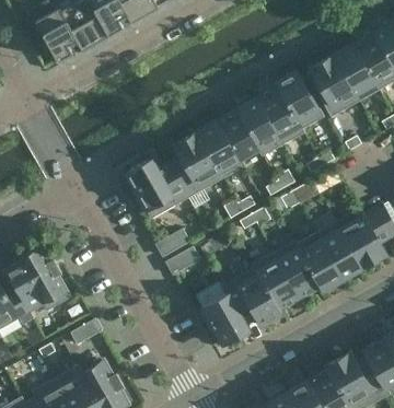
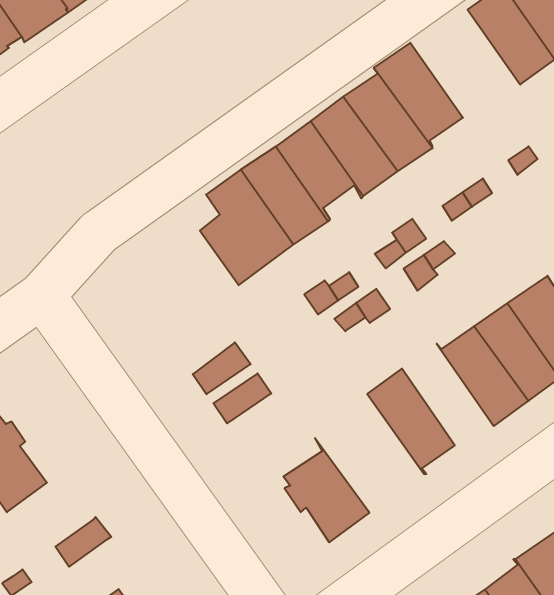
building: [310,56,356,113] -> none
building: [126,158,187,217] -> none
building: [274,241,322,299] -> none
building: [221,265,280,331] -> none

